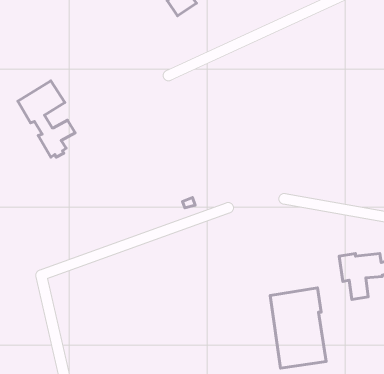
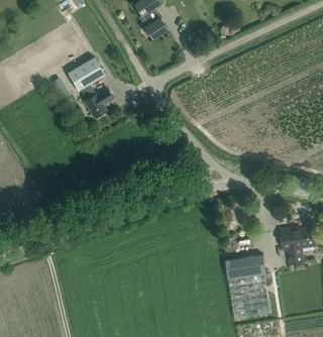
building: [18,81,75,157] -> [67,57,112,117]

